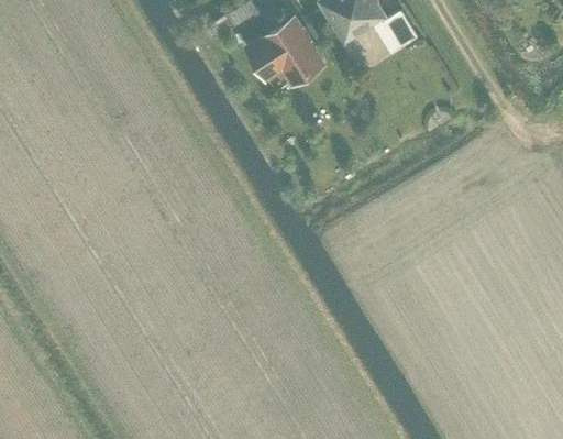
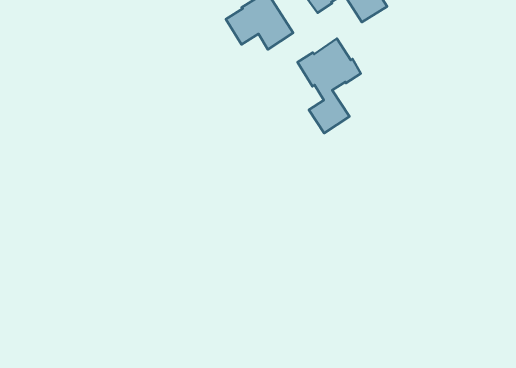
building: none -> [298,39,361,133]

